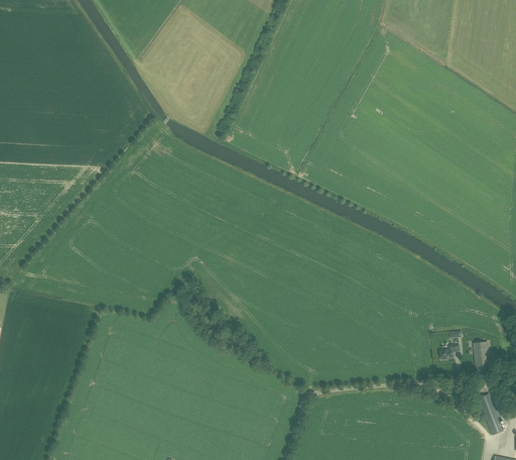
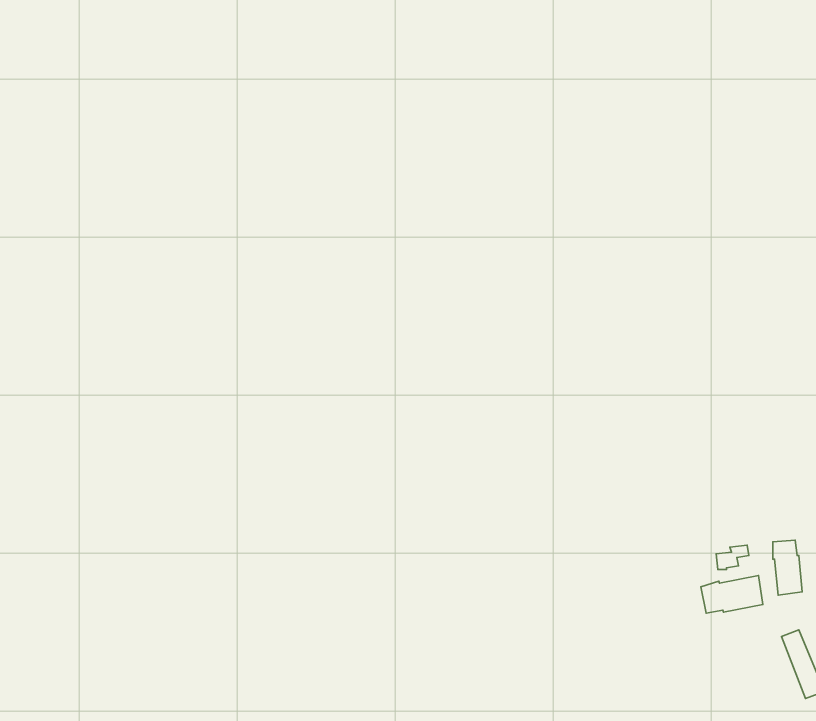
building: none -> [701,576,763,613]

